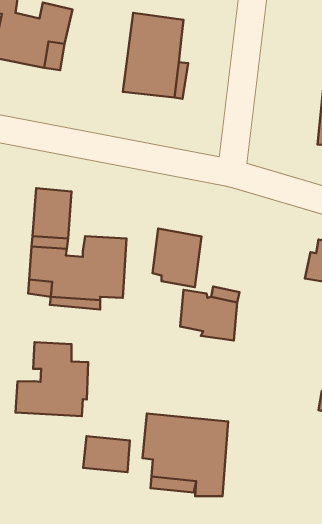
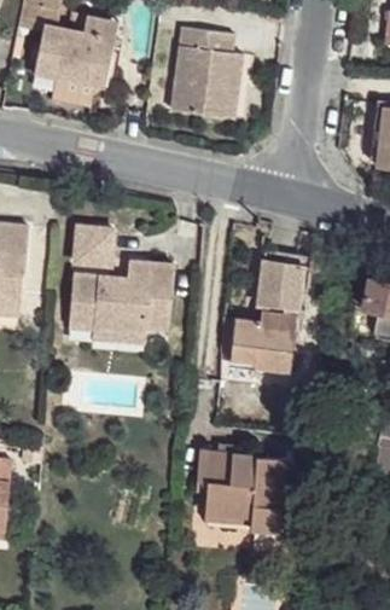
building: [152,229,202,287] -> [258,250,310,312]
building: [16,342,88,416] -> none
building: [83,436,130,472] -> none

